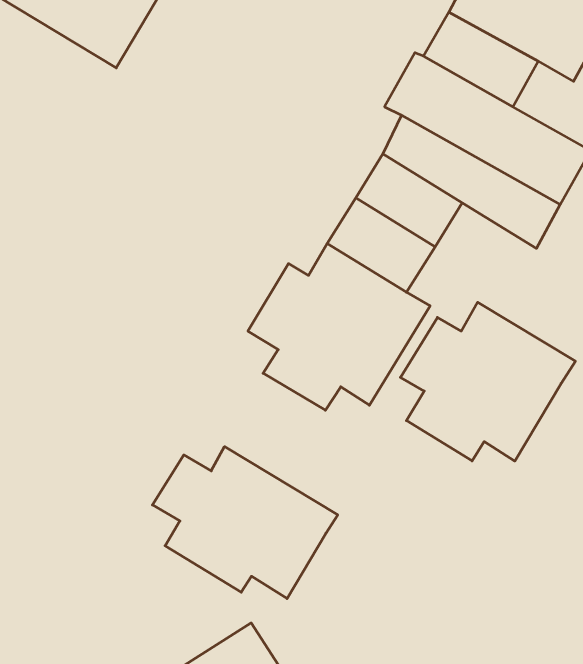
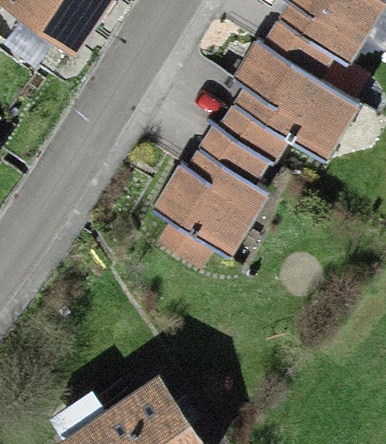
building: [400,302,575,461] -> none
building: [152,447,338,599] -> none

